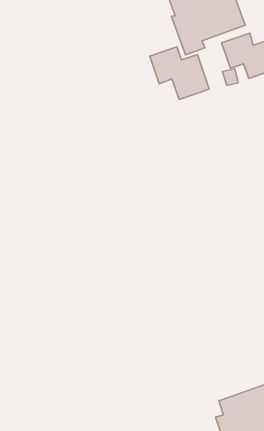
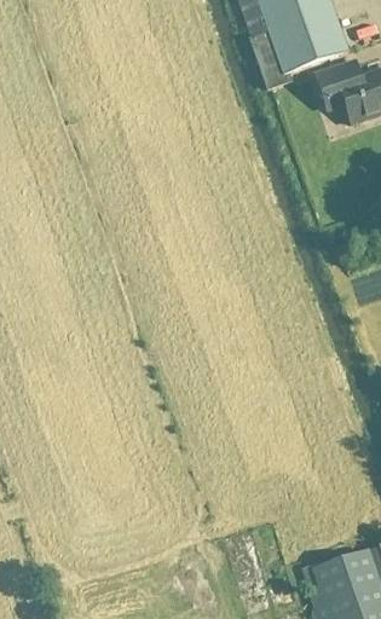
building: [150,47,209,100] -> none

